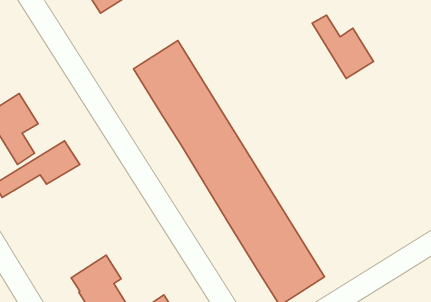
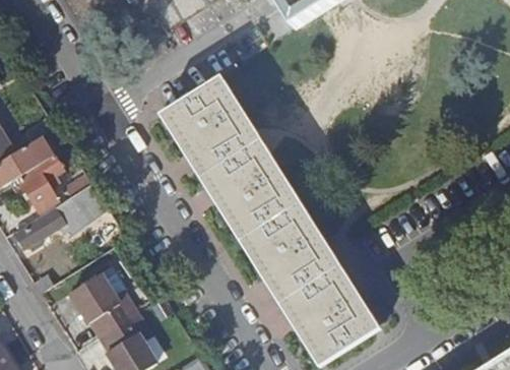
building: [312,15,374,78] -> none
building: none -> [68,263,135,332]

